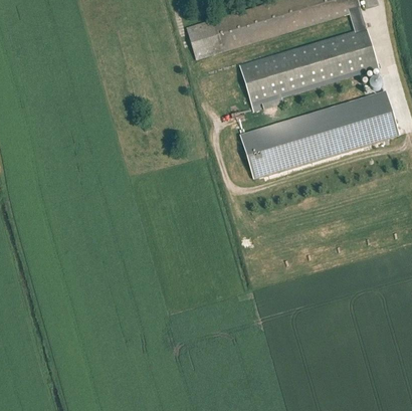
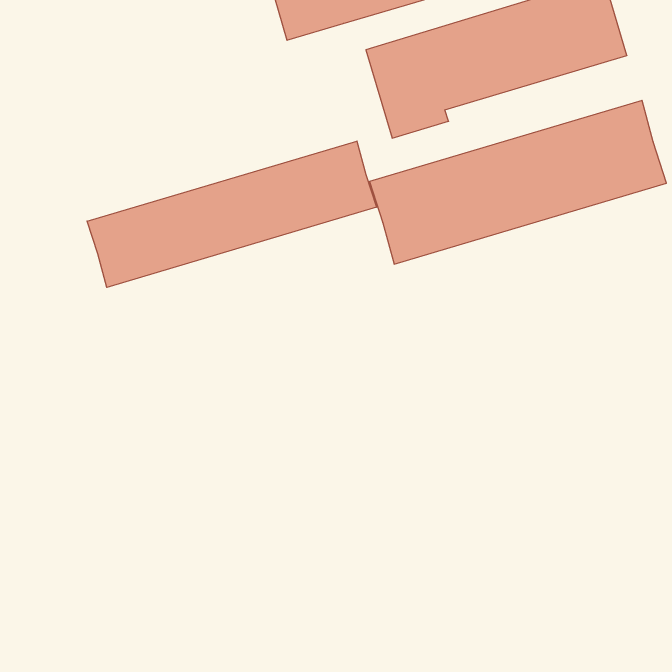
building: none -> [87,141,377,287]

